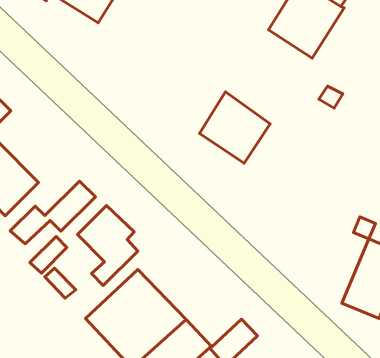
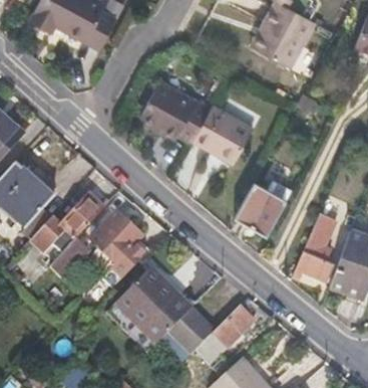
building: none -> [139,82,213,146]
building: none -> [238,184,287,235]
building: none -> [290,185,342,279]

